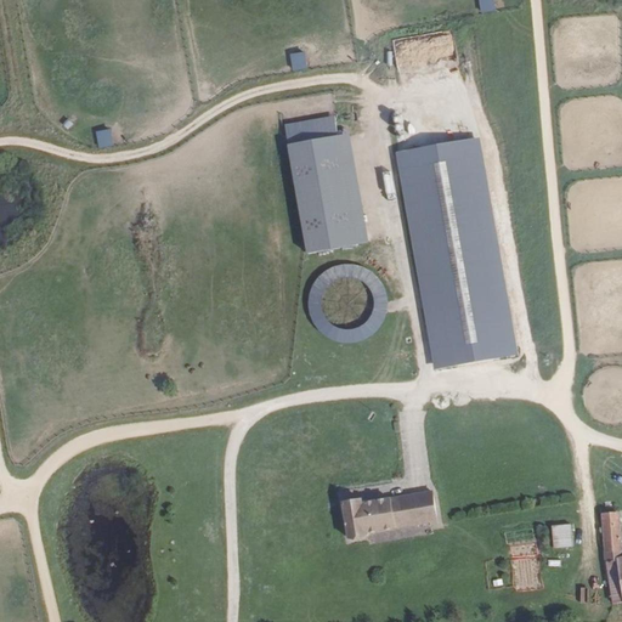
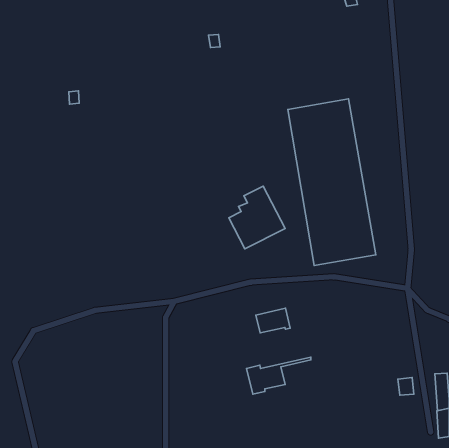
building: [282,113,363,249] -> none
building: [388,496,435,530] -> [256,308,290,333]

